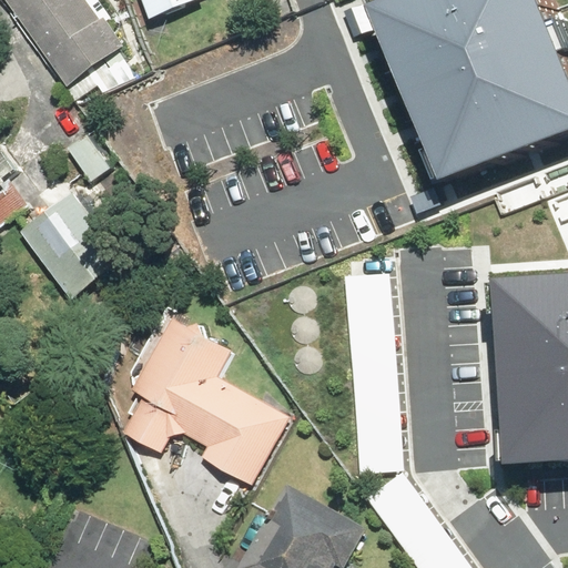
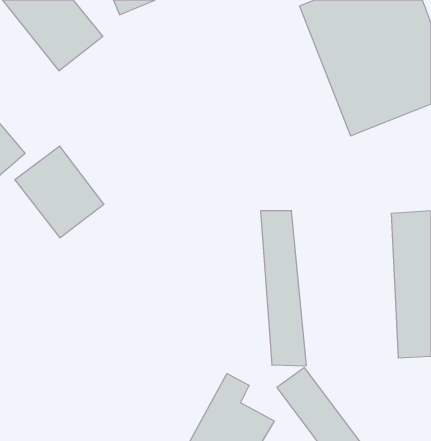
building: [120,313,285,486] -> none

